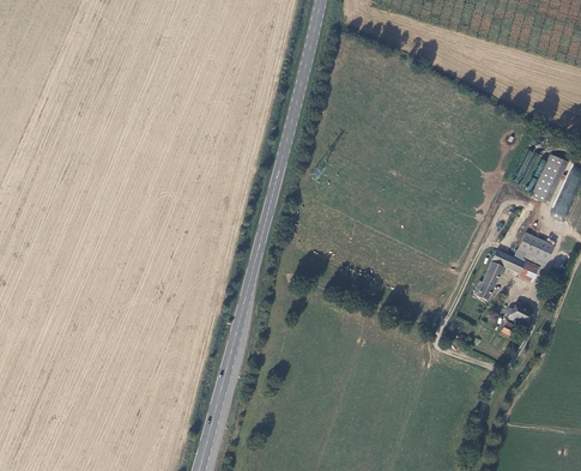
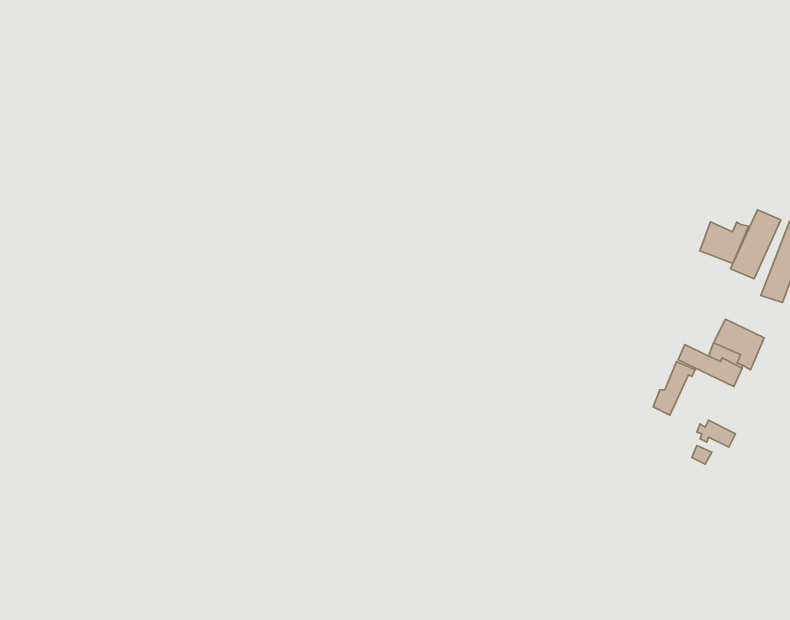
building: none -> [700,222,749,264]

